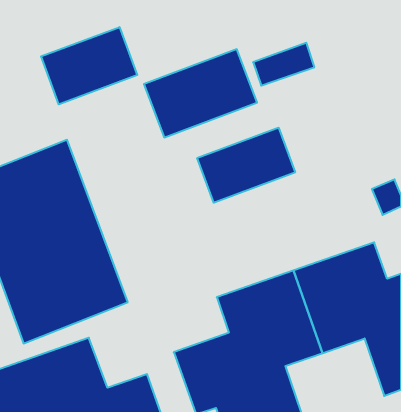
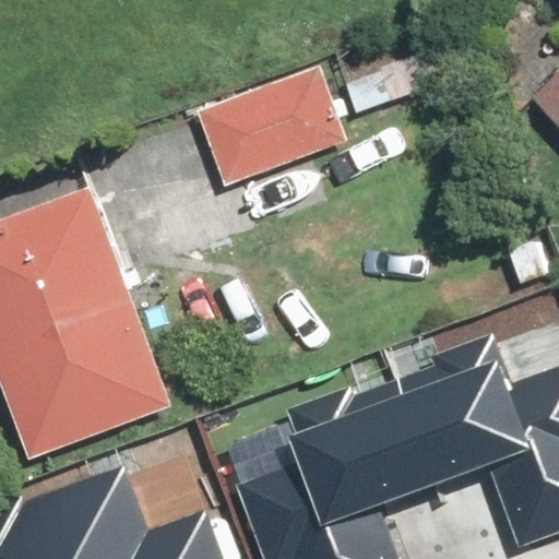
building: [41,27,137,104] -> none
building: [197,128,295,203] -> none

